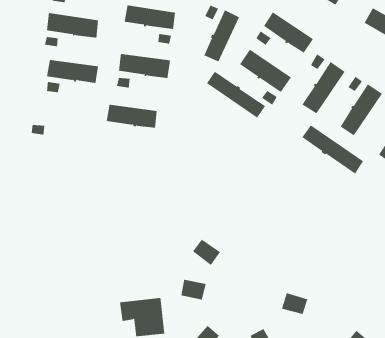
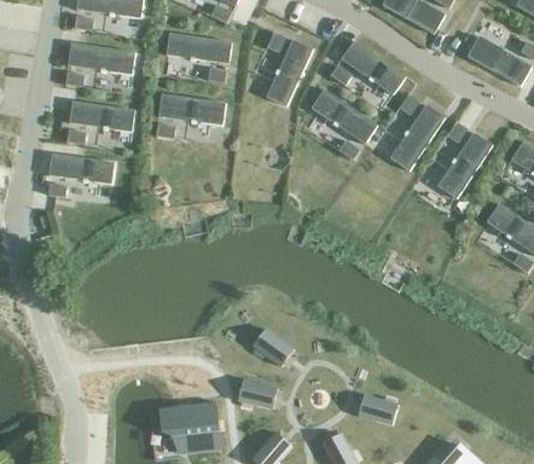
building: [206,71,266,118] -> none
building: [106,104,158,128] -> [48,153,114,184]
building: [301,125,364,174] -> none

